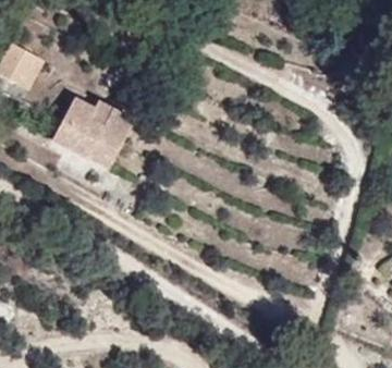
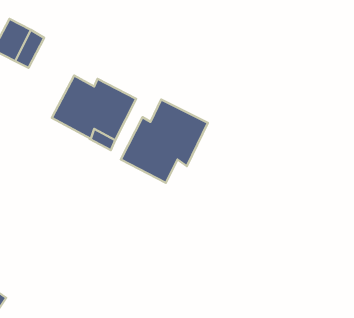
building: none -> [121,99,208,183]

